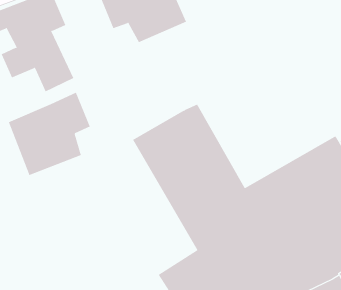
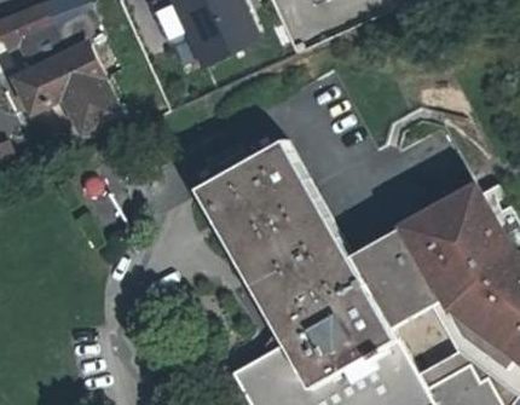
building: [8,92,91,176] -> none

